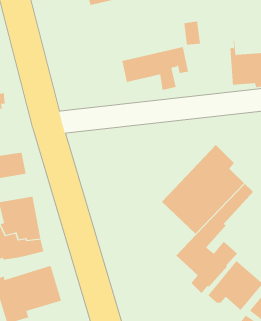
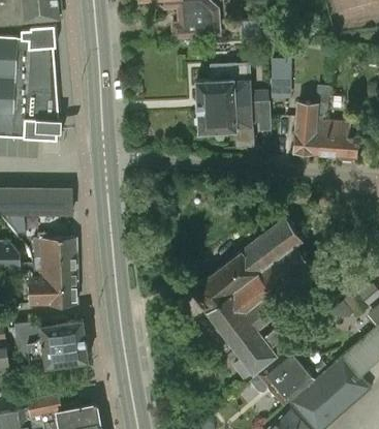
building: none -> [195,65,269,106]
building: none -> [293,102,324,154]
building: none -> [190,270,247,332]

